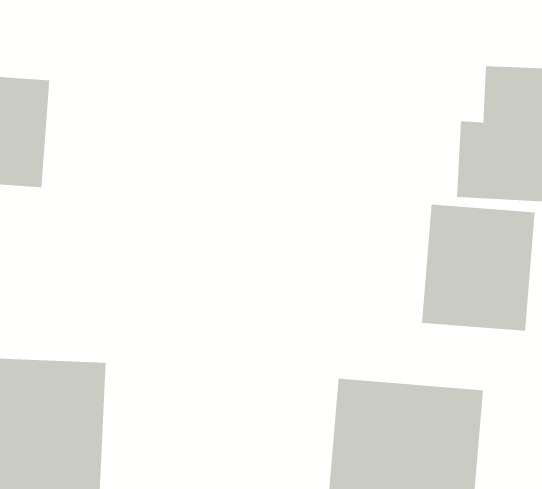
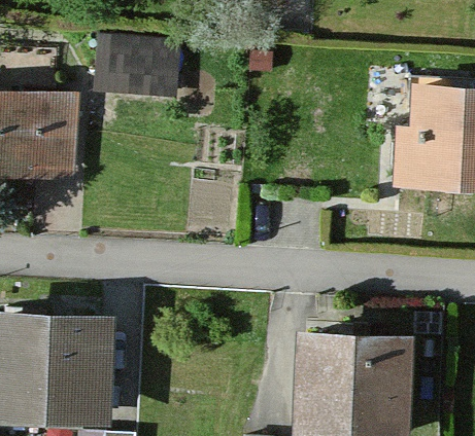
building: none -> [90,45,175,99]
building: [422,204,535,331] -> none

